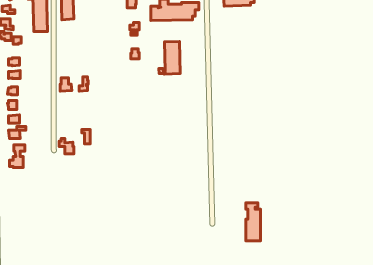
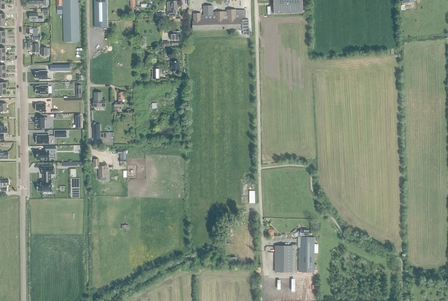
building: [159,41,180,74] -> none
building: none -> [274,245,292,271]

